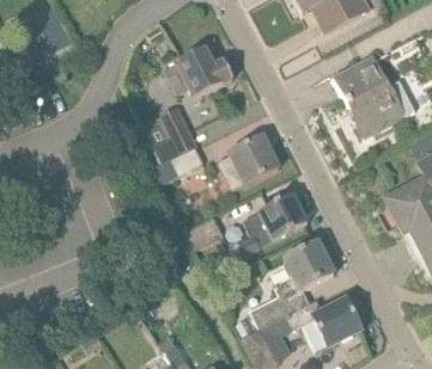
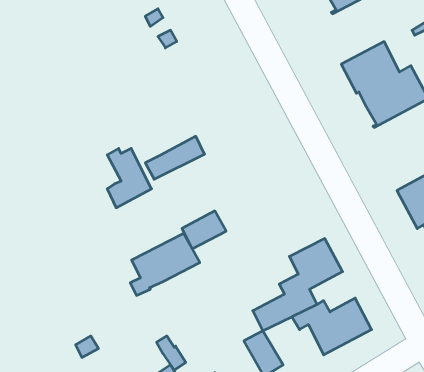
building: [165,47,232,97] -> none
building: [153,106,195,162] -> [107,148,152,208]
building: [218,135,279,187] -> none
building: [242,193,308,252] -> [130,234,200,295]

